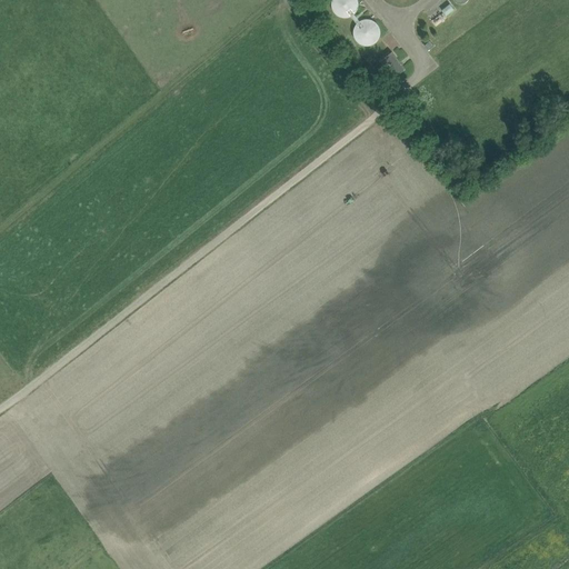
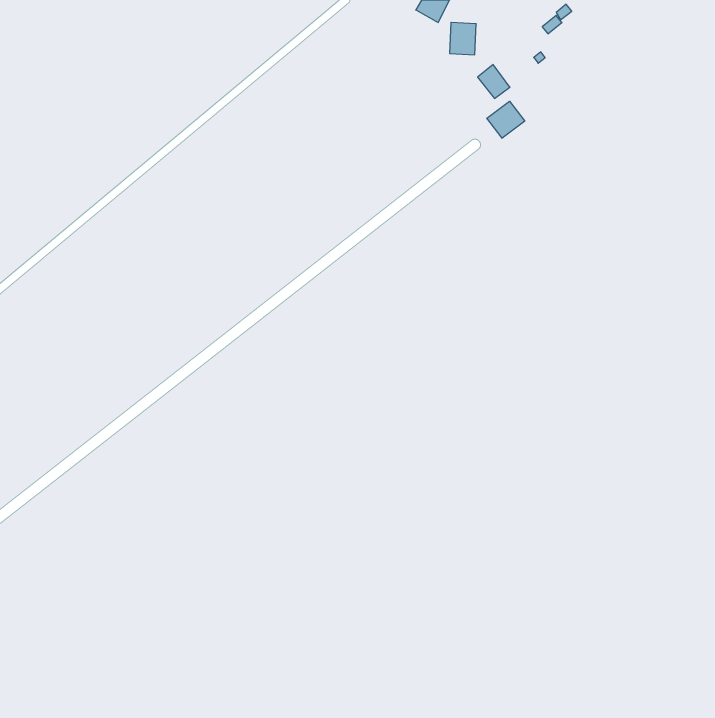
building: none -> [487,101,525,138]

